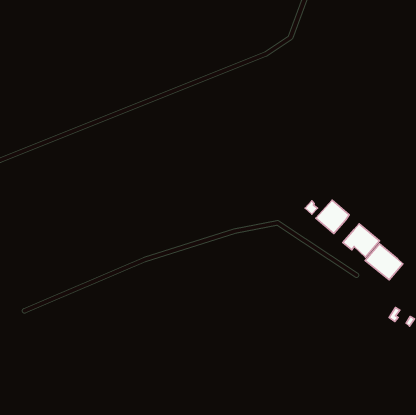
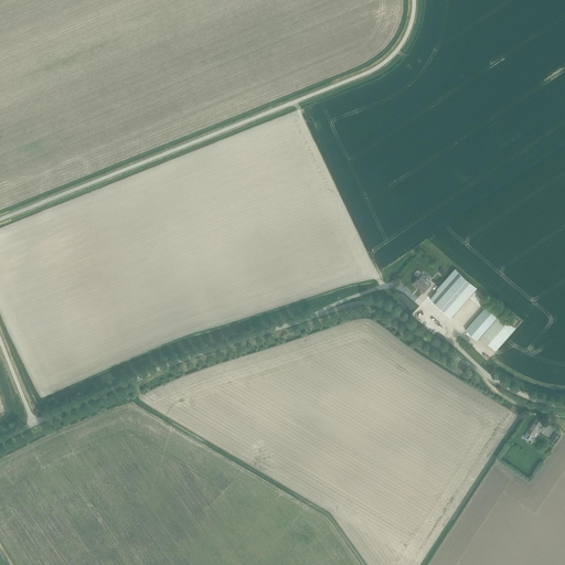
building: [365,244,403,280] -> none

